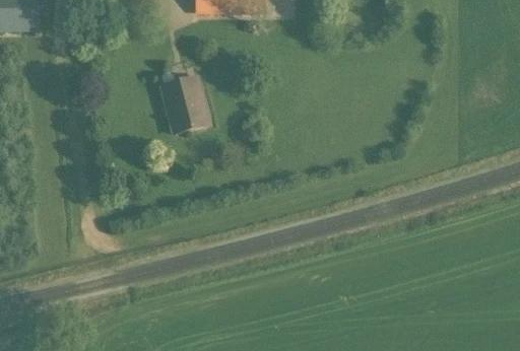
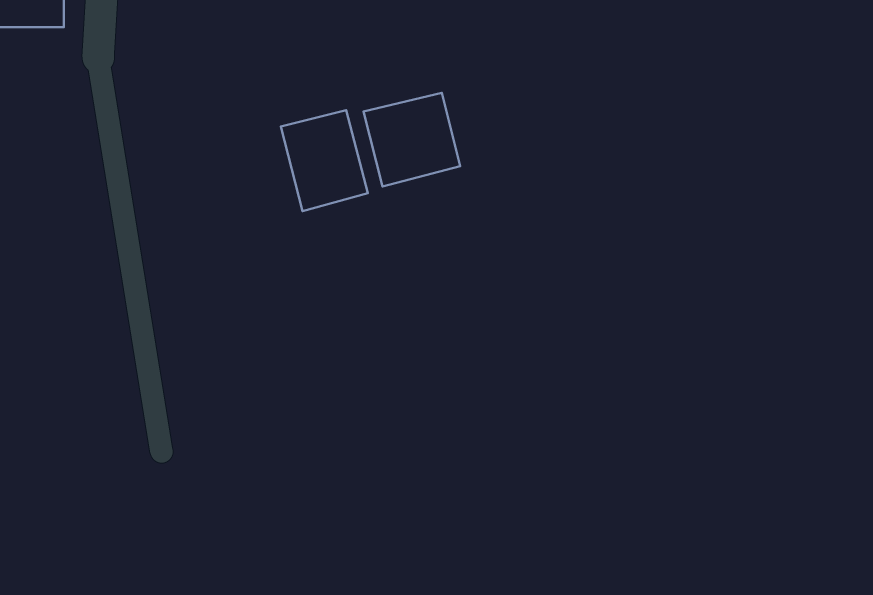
building: none -> [363,93,460,186]

